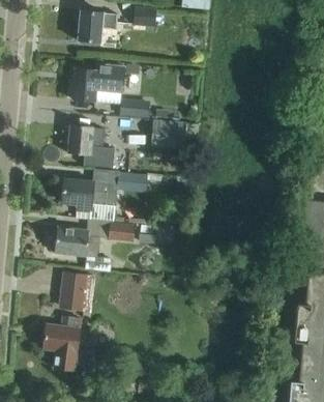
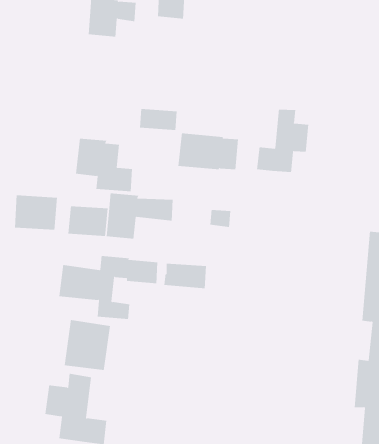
building: [72,63,124,101] -> none
building: none -> [257,109,309,173]
building: none -> [15,194,57,231]

